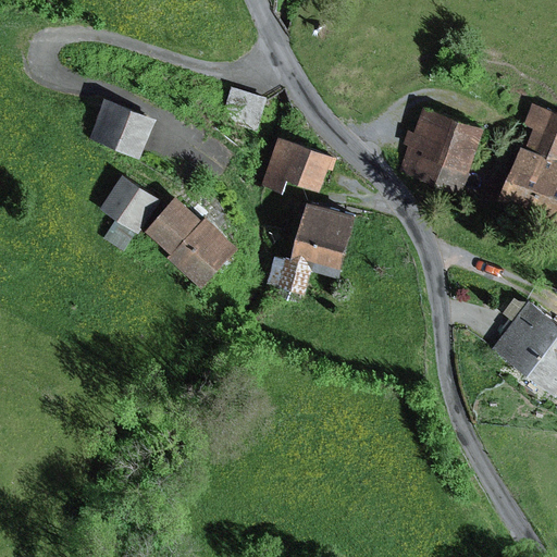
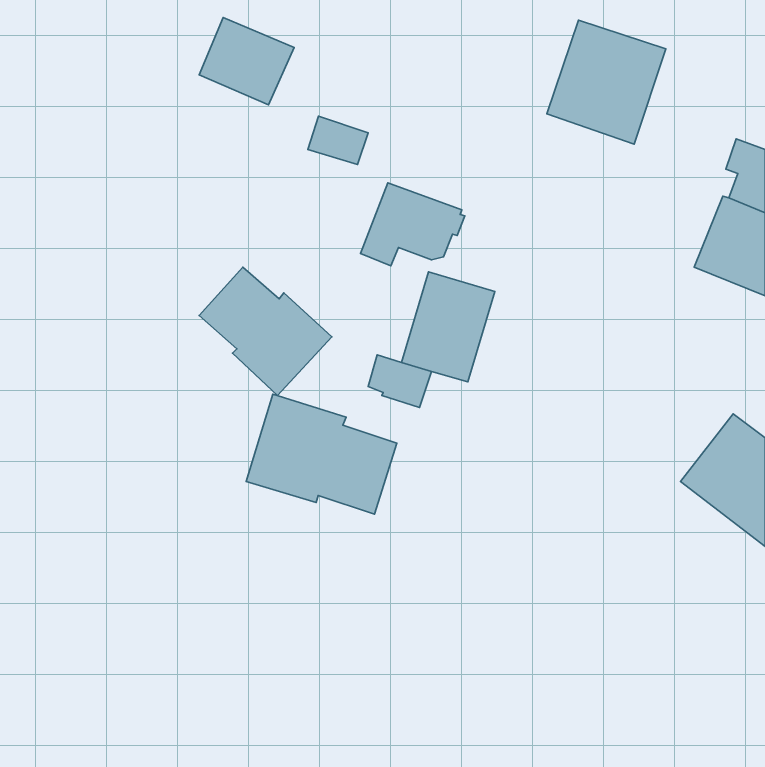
building: [87,98,156,161] -> [199,17,294,105]
building: [399,106,485,195] -> [547,20,666,144]
building: [99,174,160,235] -> none
building: none -> [246,394,397,514]

